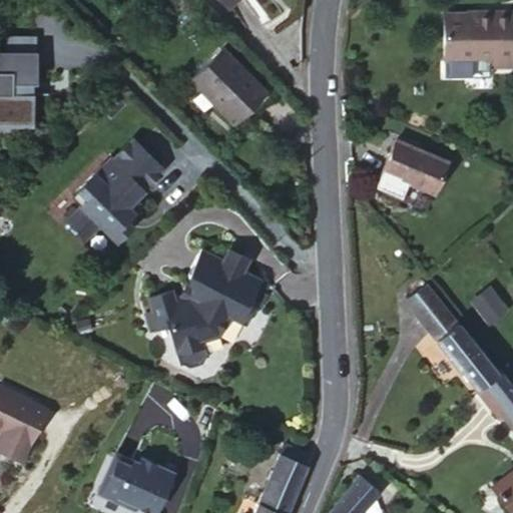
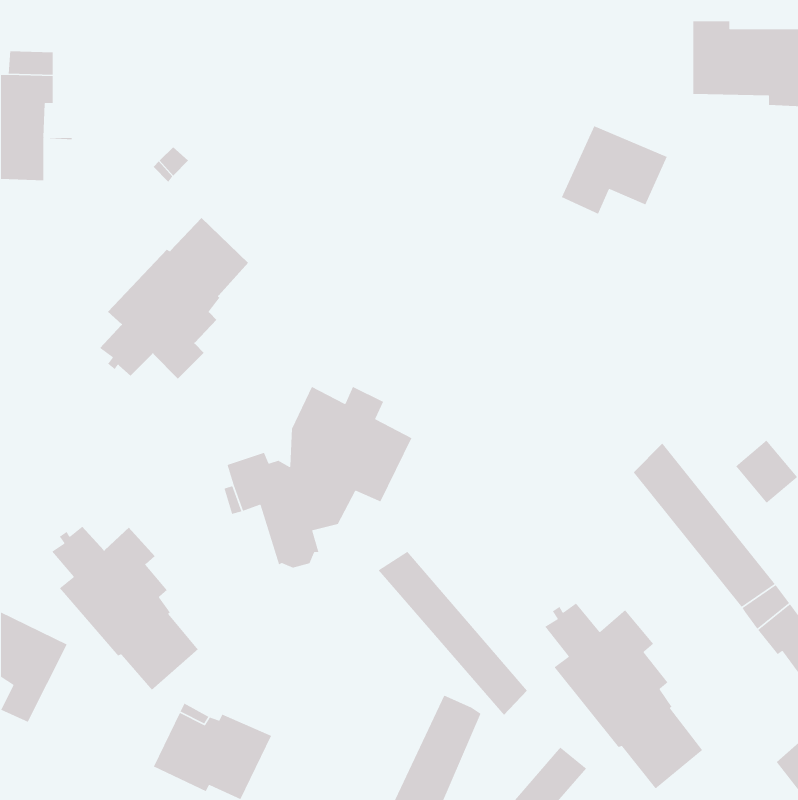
building: [194,51,266,122] -> none
building: [379,142,447,199] -> [561,125,668,215]
building: none -> [51,526,199,691]
building: none -> [378,551,528,716]
building: none -> [544,603,703,789]

